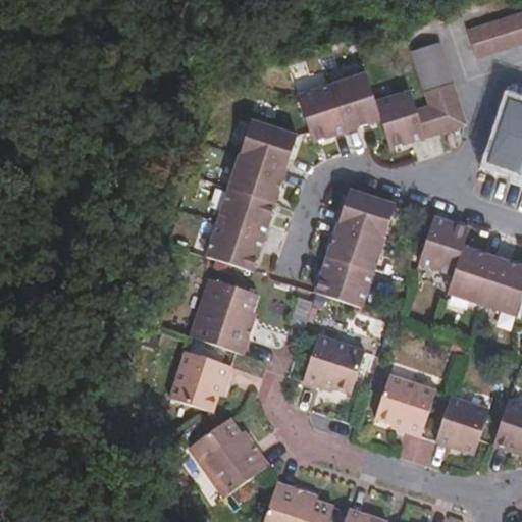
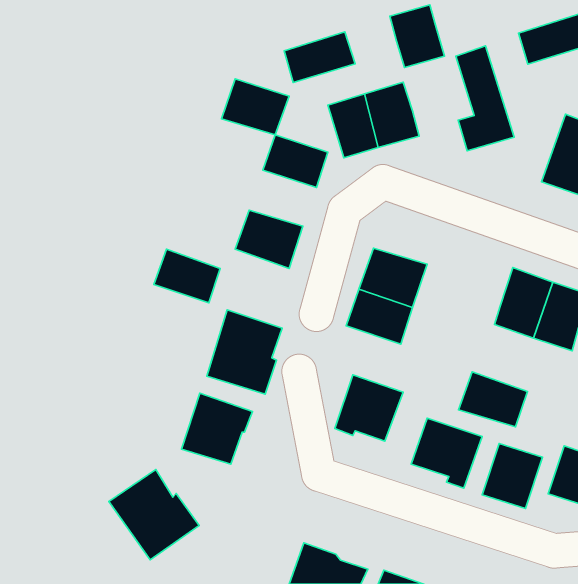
building: none -> [284,32,355,83]
building: [373,89,422,145] -> [390,5,445,68]
building: [227,152,288,202] -> [222,79,289,135]
building: [338,188,397,236] -> none
building: [419,214,467,273] -> none
building: [204,222,263,270] -> [154,249,220,303]
building: none -> [458,372,528,427]
building: [185,420,265,501] -> [109,470,199,560]

